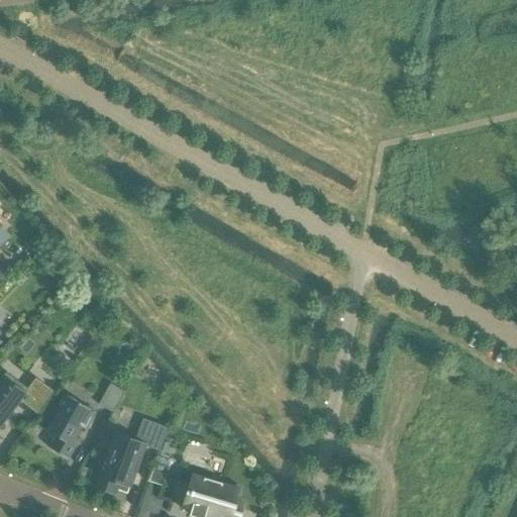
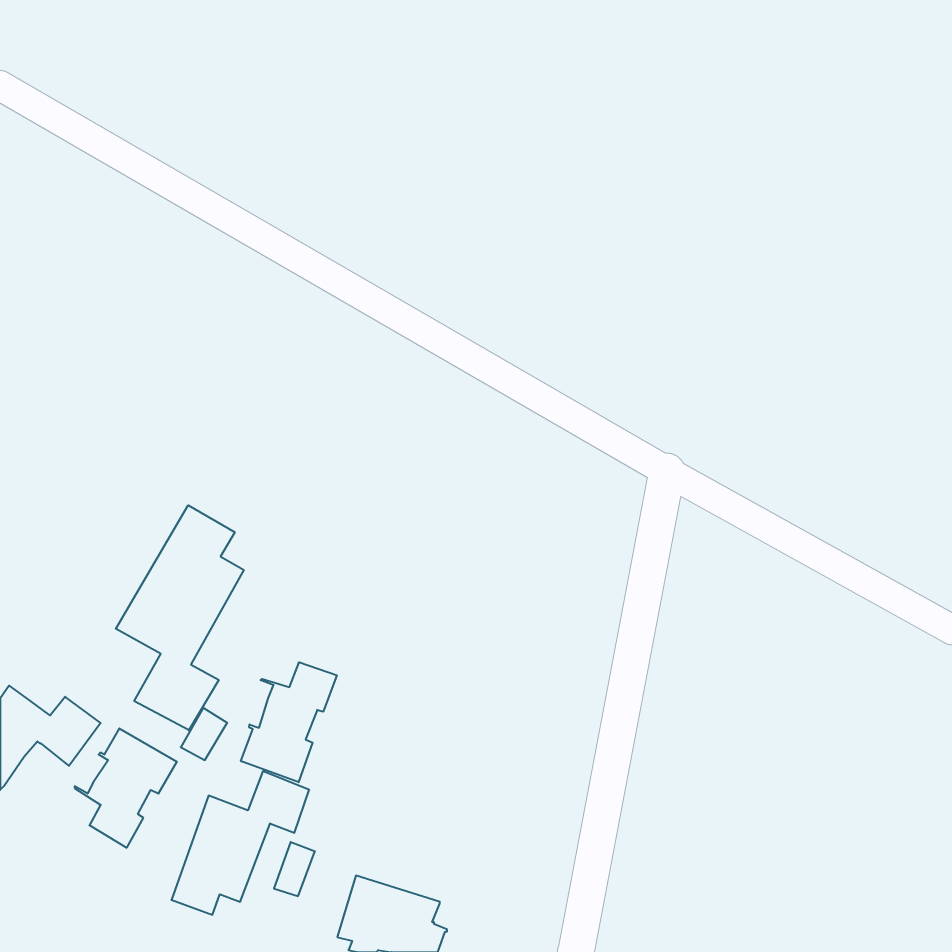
building: none -> [116,505,244,730]
building: none -> [241,662,337,782]

